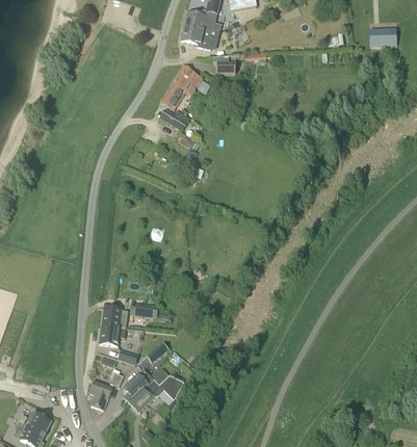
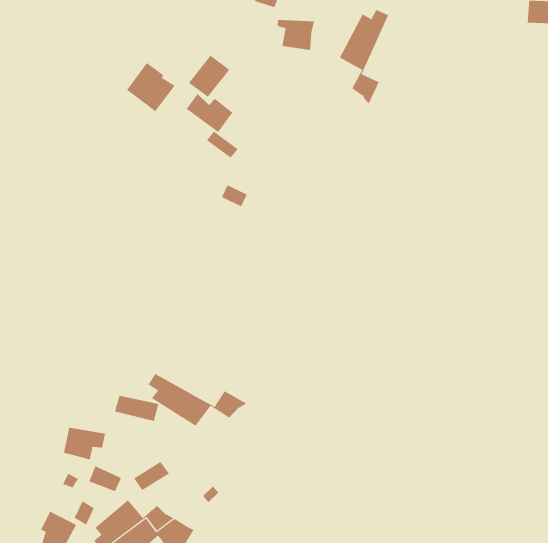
building: none -> [339,9,389,105]
building: [172,63,203,95] -> [126,62,176,112]
building: none -> [148,373,248,426]
building: [102,306,128,327] -> none

